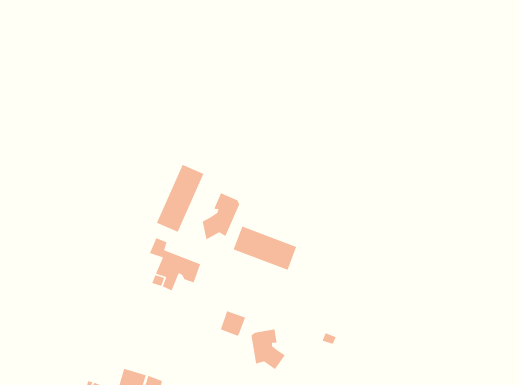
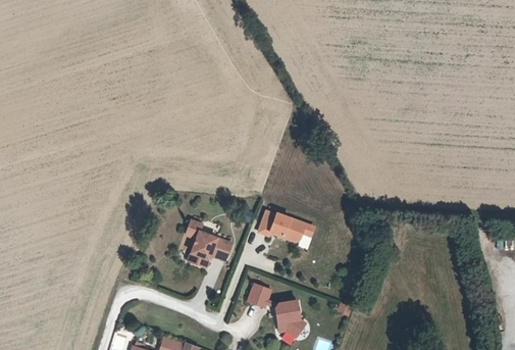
building: [156,164,204,233] -> none
building: [202,192,240,240] -> none

